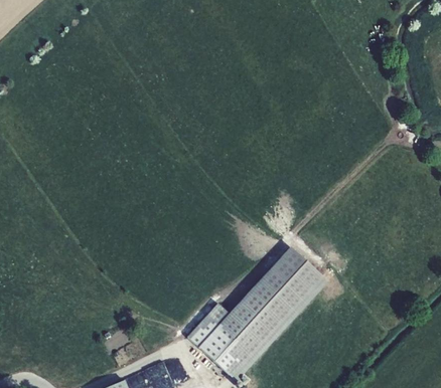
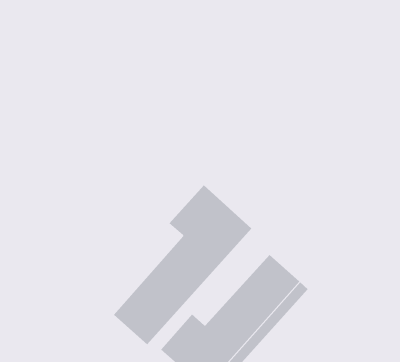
building: none -> [113,185,252,345]

